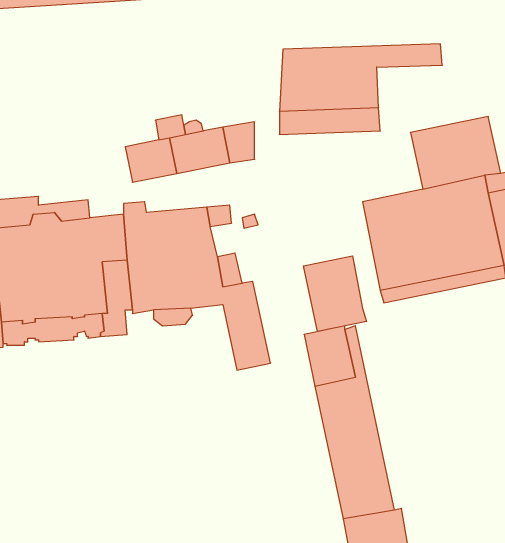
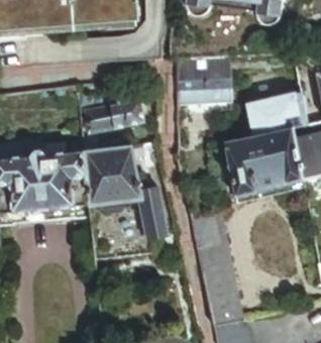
building: [303,256,367,331] -> none

